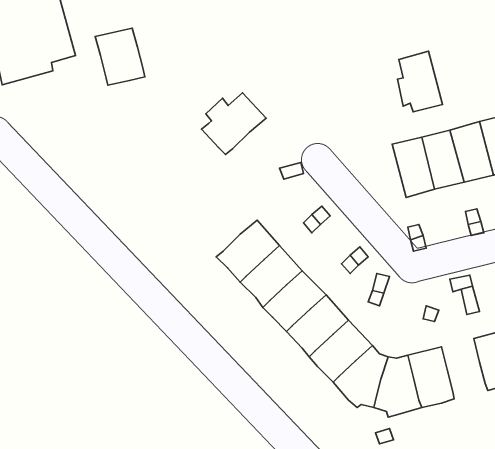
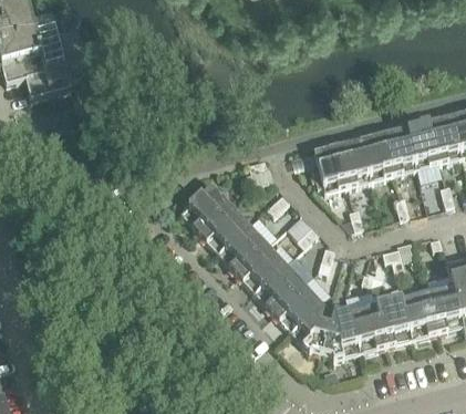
building: [95,28,145,85] -> none
building: [398,51,443,112] -> [314,143,350,190]
building: [202,93,266,155] -> [182,183,232,231]
building: none -> [377,296,414,343]

